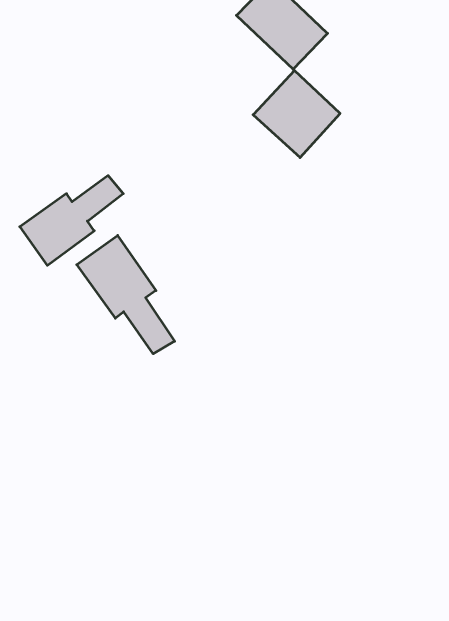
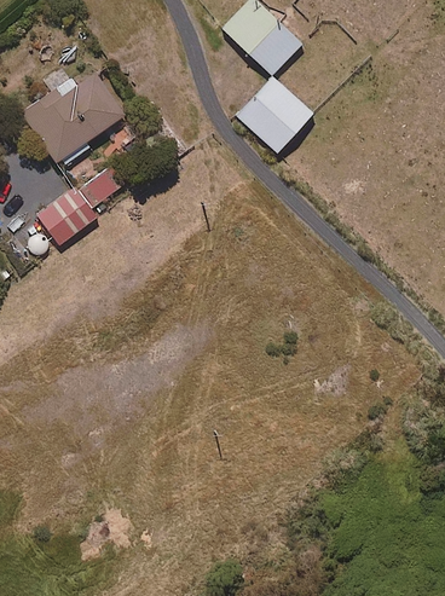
building: none -> [24,74,127,167]
building: [77,235,175,354] -> none

